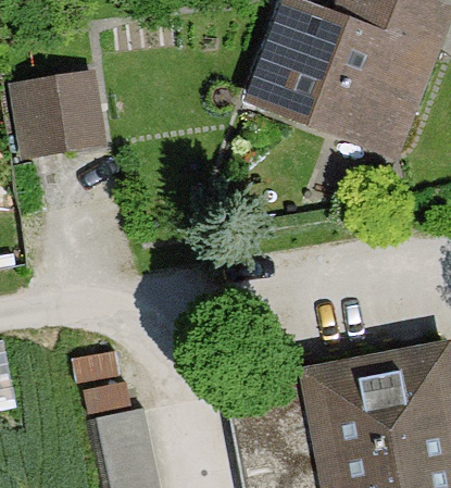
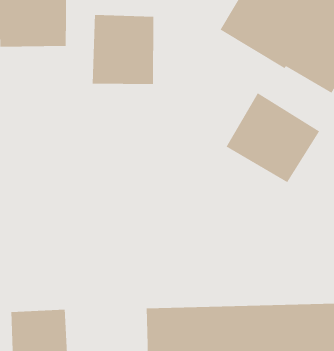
building: none -> [92,14,154,85]
building: none -> [225,92,320,183]

